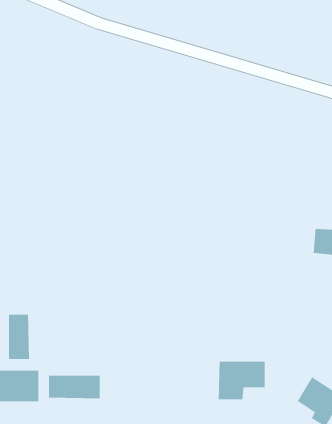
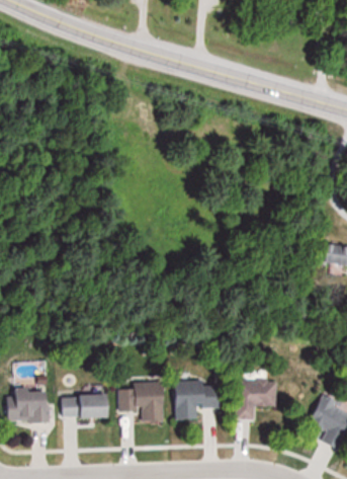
building: [8,314,30,360] -> none
building: none -> [171,381,224,418]
building: none -> [114,384,166,421]

